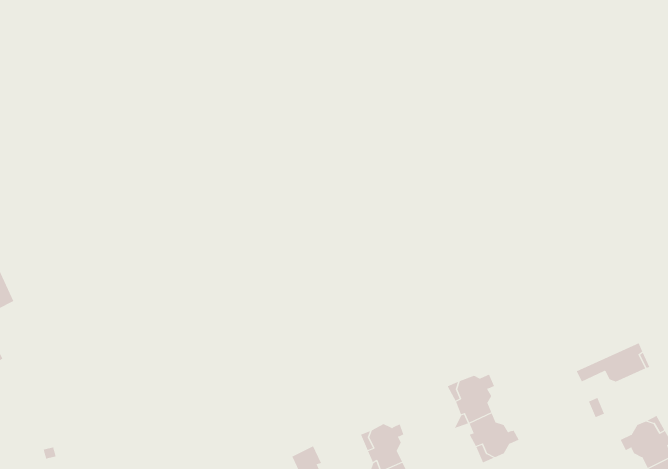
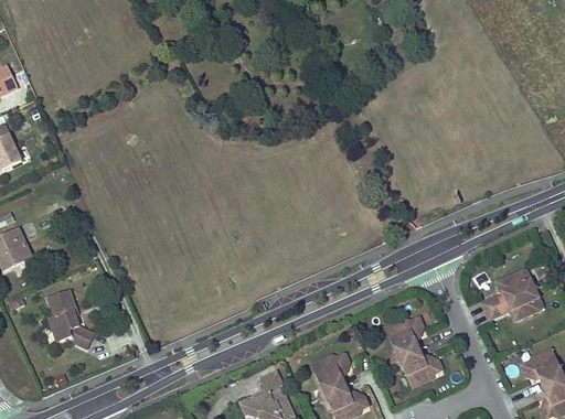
building: none -> [480,272,535,312]
building: none -> [46,289,95,347]

